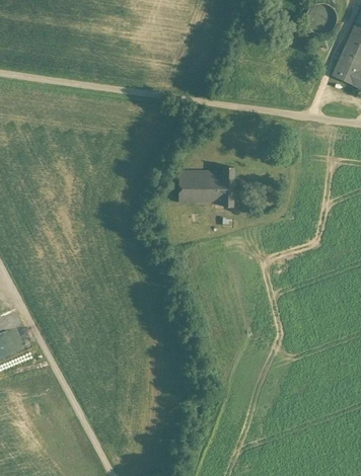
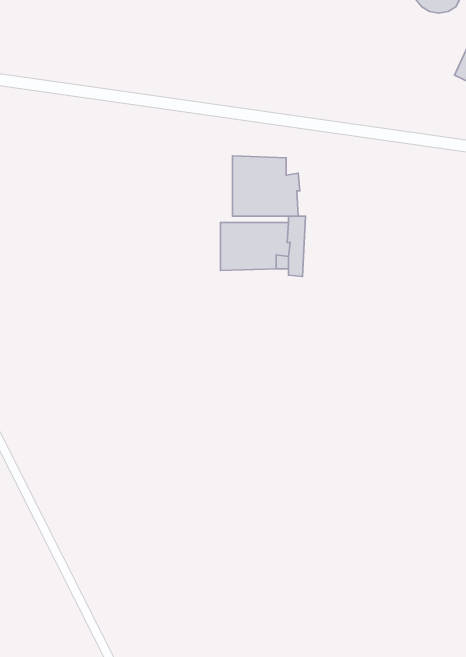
building: none -> [232,156,300,216]

